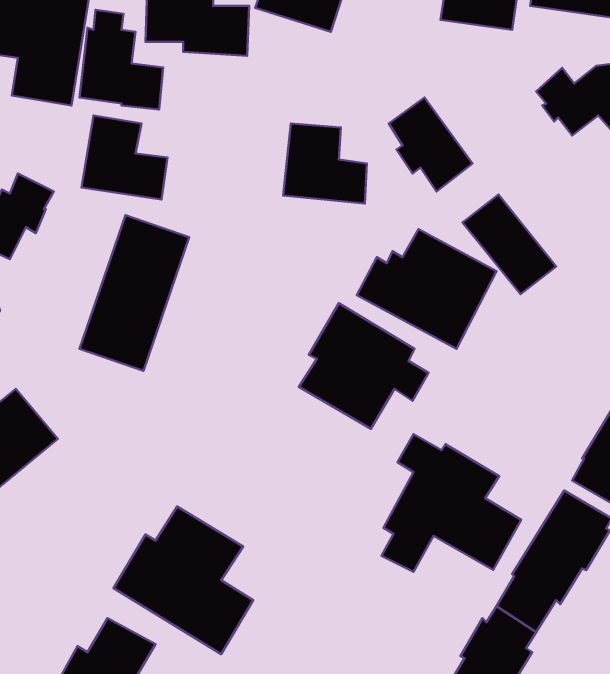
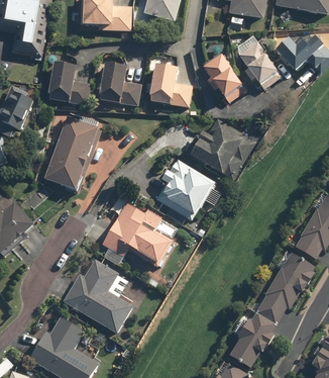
building: [80,10,163,110] -> [99,55,141,105]
building: [463,195,556,294] -> [231,35,279,86]
building: [382,434,521,572] -> [103,196,174,266]

